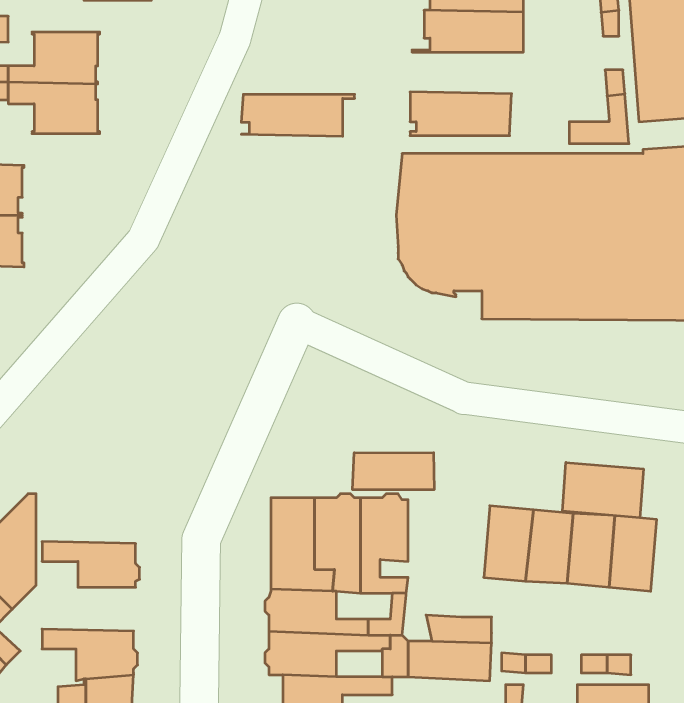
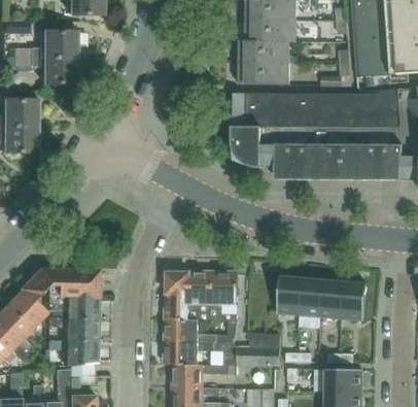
building: [241,94,355,136] -> [239,41,298,63]
building: [353,453,434,490] -> none
building: [562,462,643,518] -> none
building: none -> [45,270,101,296]
building: none -> [48,317,99,341]

